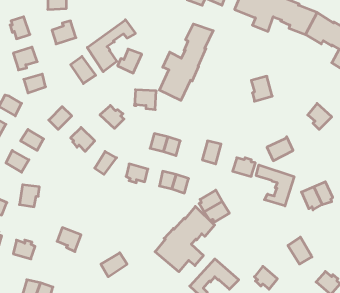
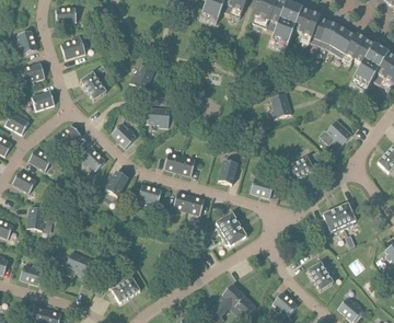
building: [87,20,135,72] -> none
building: [159,24,213,100] -> none
building: [256,165,294,206] -> none
building: [155,206,215,272] -> none

